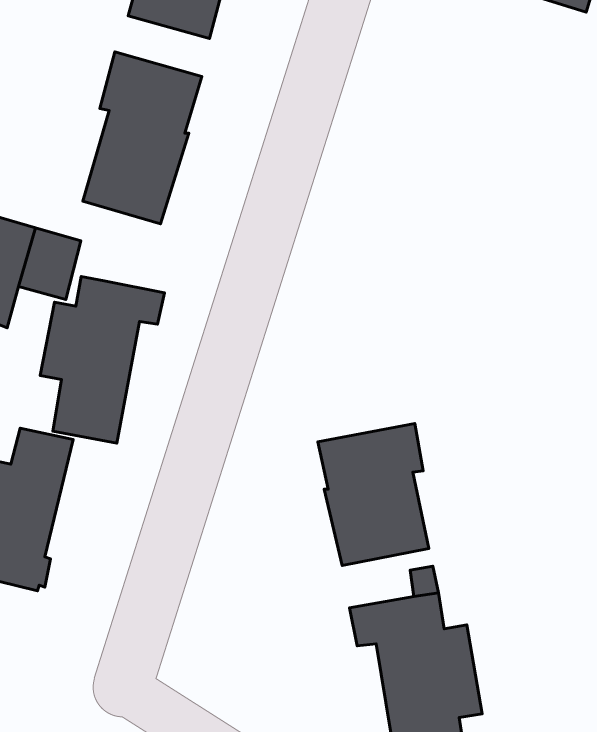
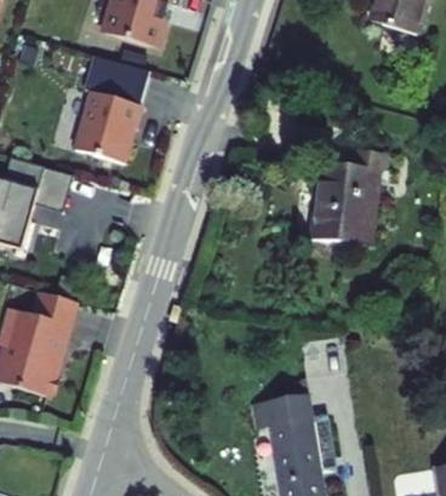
building: none -> [298,146,378,241]
building: [40,277,164,443] -> none
building: [318,423,429,565] -> none

